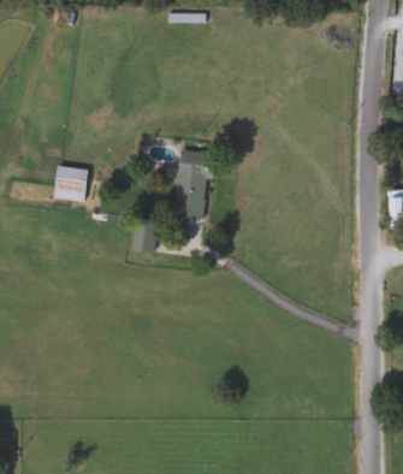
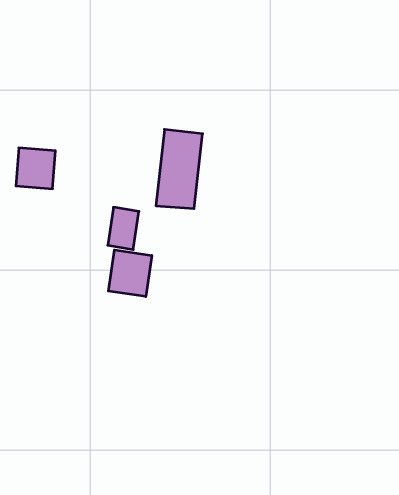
building: none -> [108,250,152,297]

